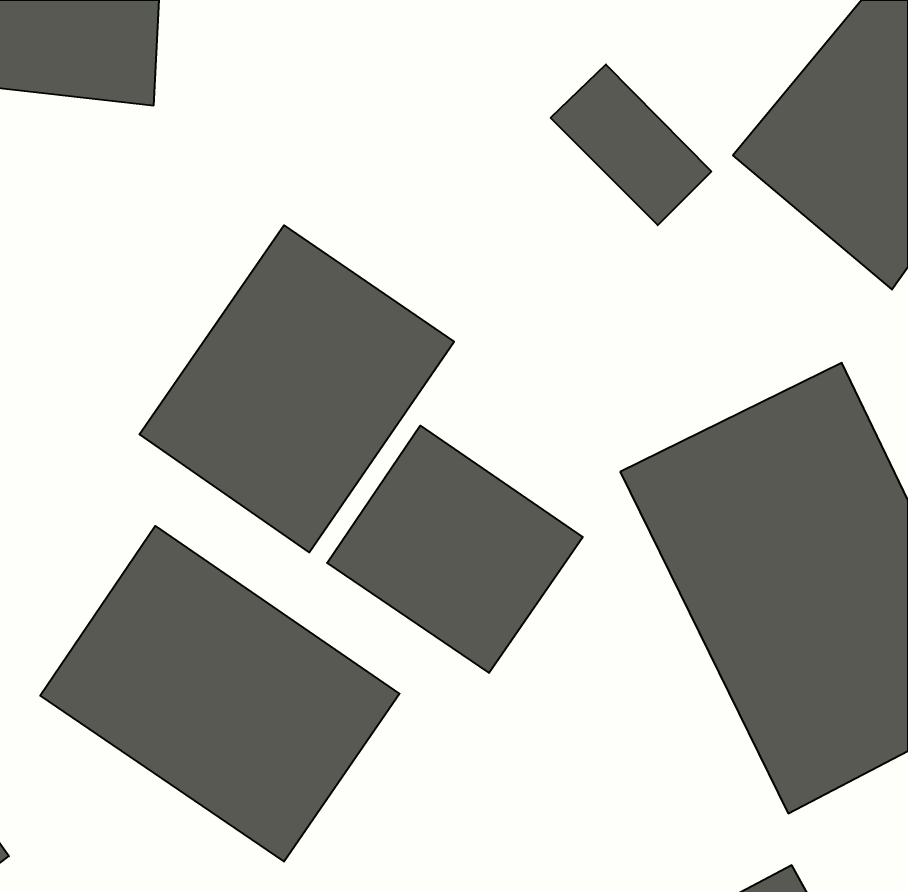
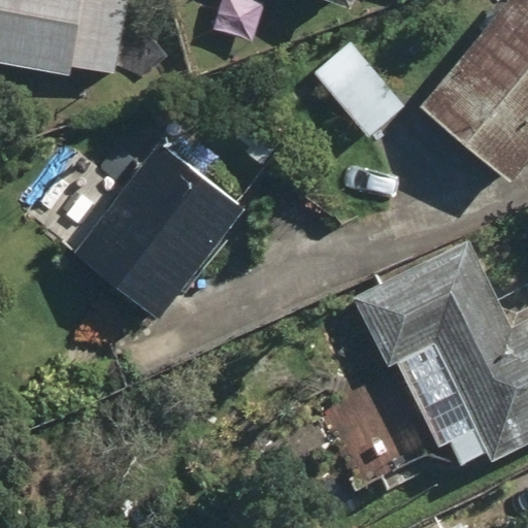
building: [327,426,583,673] -> none
building: [40,526,400,862] -> none

